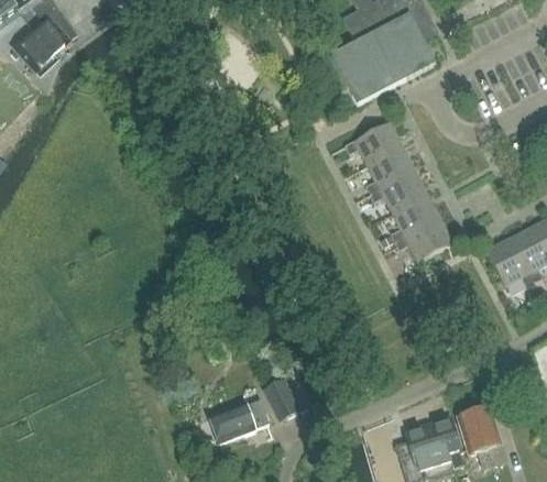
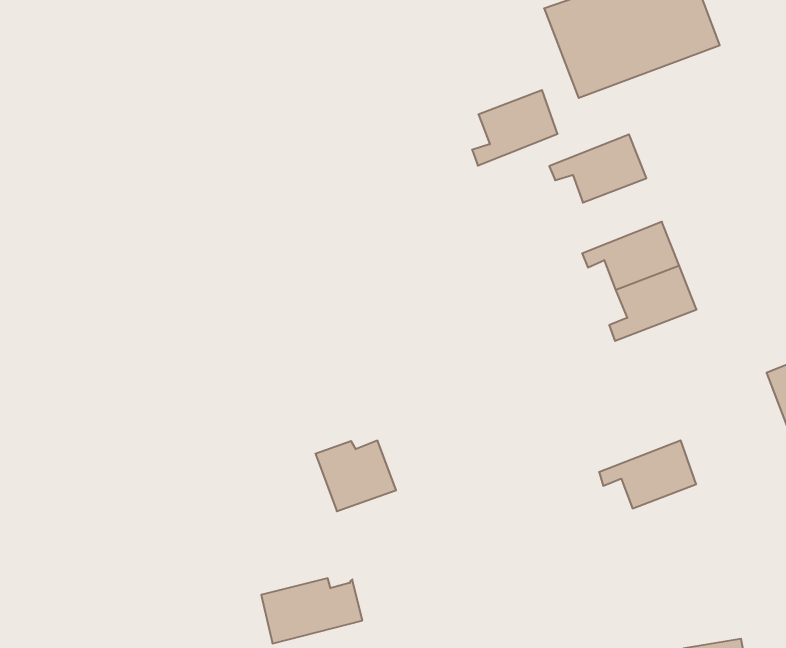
building: [365,144,414,193] -> [472,90,558,166]
building: [395,217,452,260] -> [599,440,696,508]
building: [263,375,313,419] -> [315,441,396,511]

